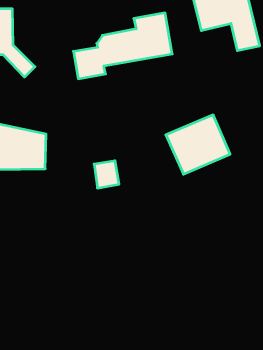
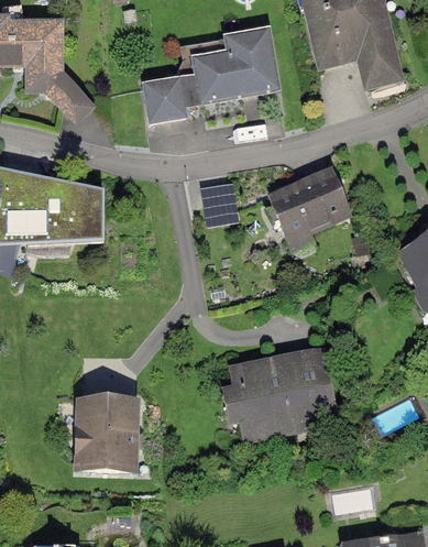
building: [94,161,119,188] -> [201,182,235,219]
building: none -> [235,360,328,430]
building: none -> [75,400,140,475]

